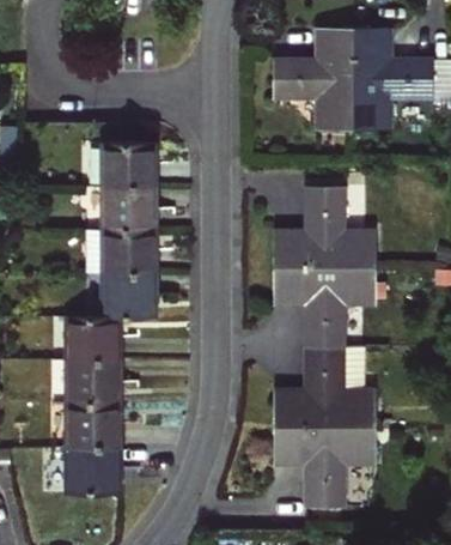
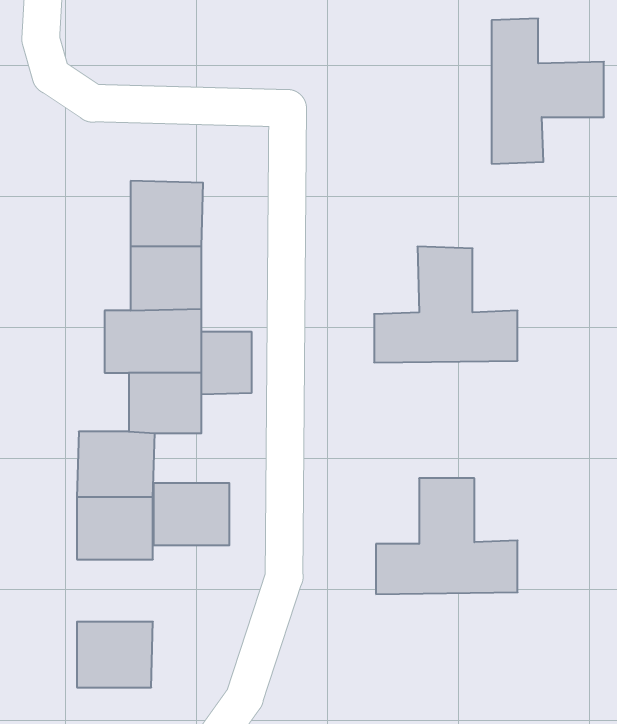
building: [275,30,355,131] -> none
building: none -> [201,332,251,394]
building: [274,266,373,347] -> none
building: [68,404,121,447] -> [153,483,229,545]
building: [275,426,374,505] -> none

